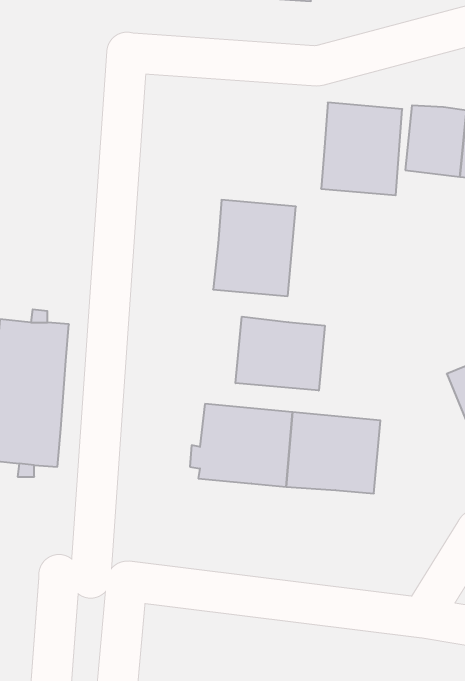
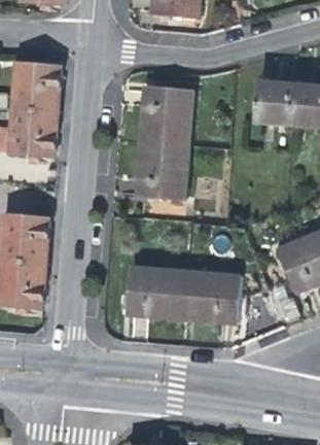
building: none -> [8,62,59,153]
building: [321,103,402,195] -> [141,85,191,143]
building: [236,317,325,391] -> none

